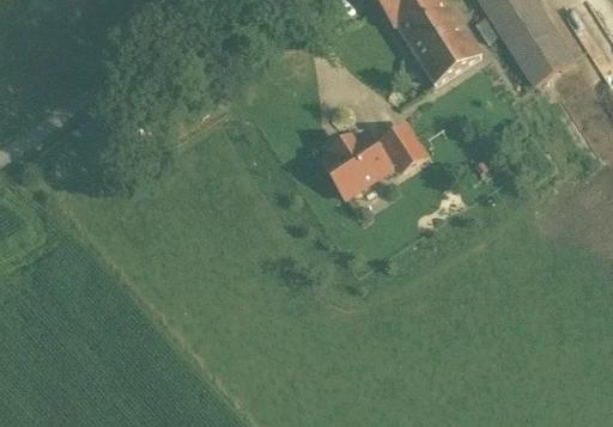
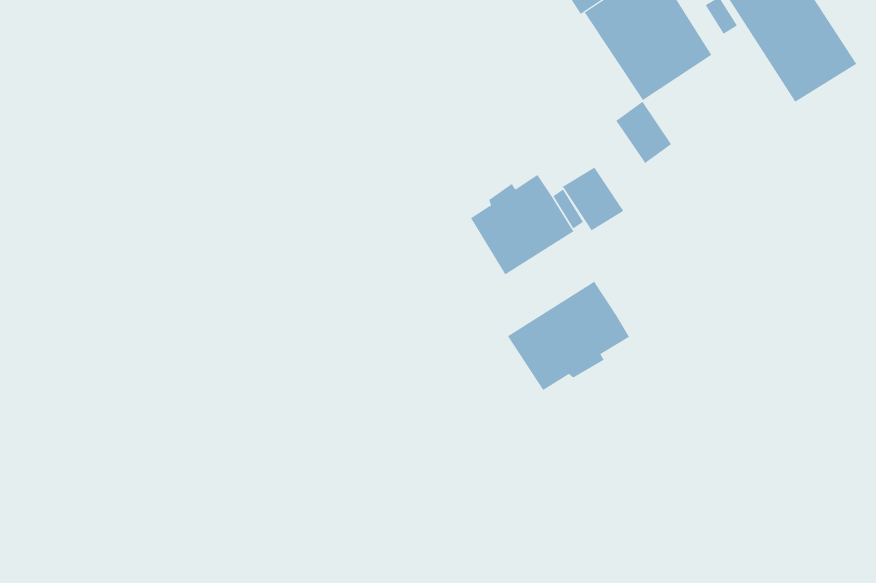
building: none -> [616,101,672,164]
building: none -> [507,280,630,391]

